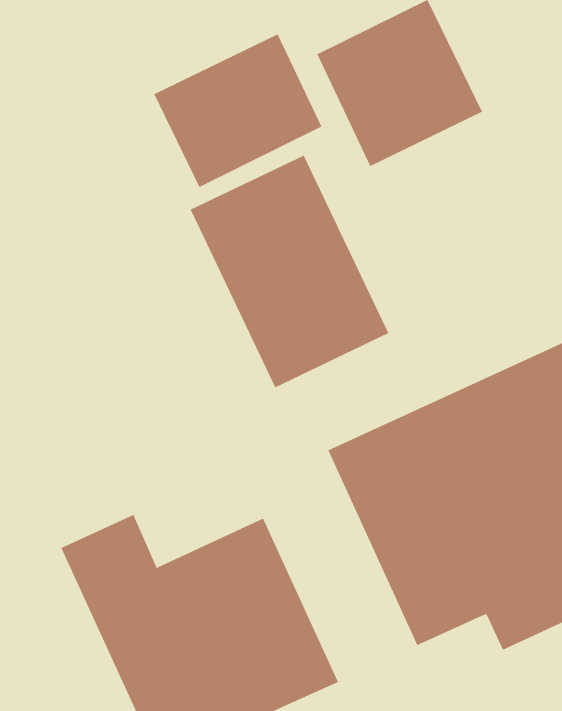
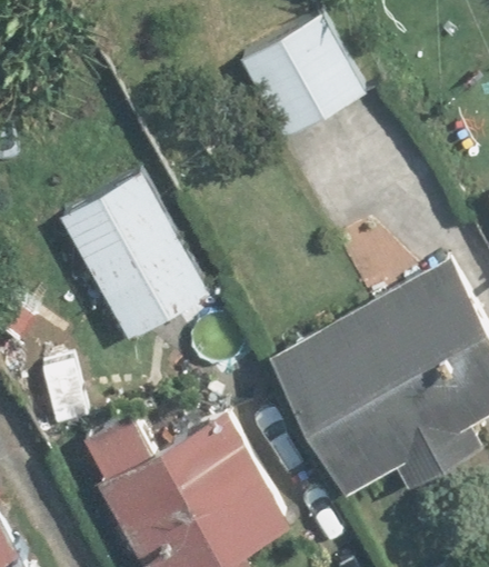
building: [154,33,322,188] -> none
building: [190,155,389,388] -> [54,172,208,346]

